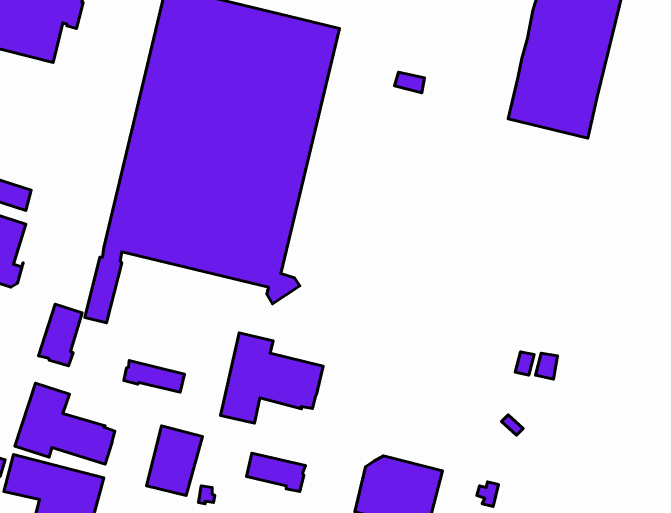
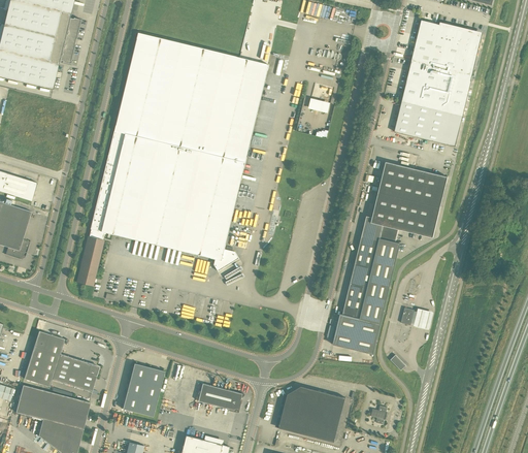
building: none -> [333,162,448,354]
building: [39,304,82,366] -> none
building: [220,333,323,423] -> none
building: [124,361,184,392] -> none

